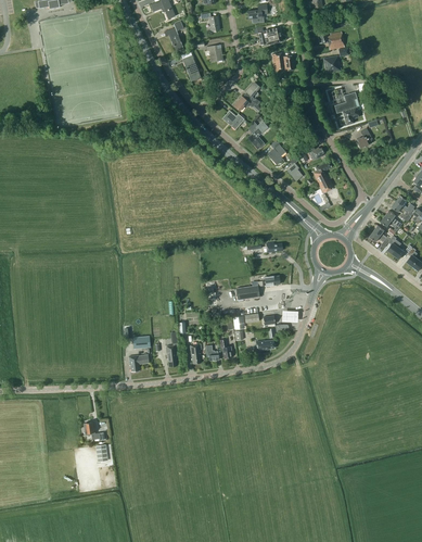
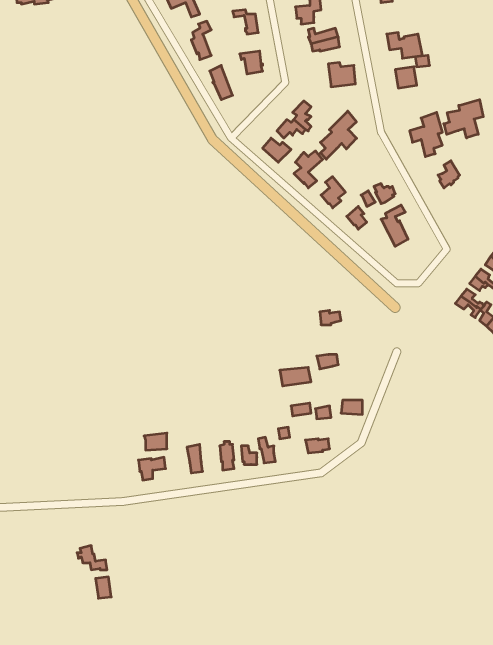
building: none -> [444,100,483,138]
building: none -> [320,111,357,159]

